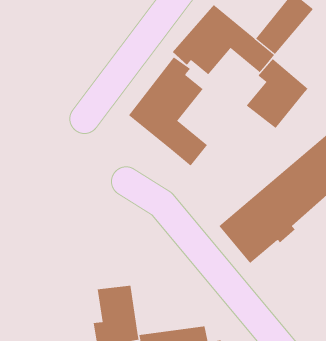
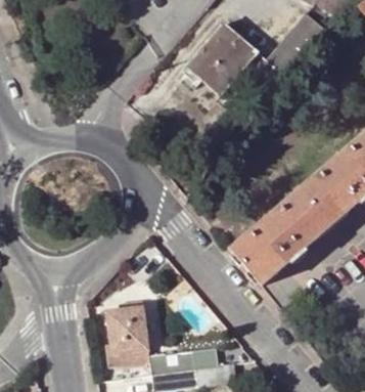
building: [128,57,208,167] -> none
building: [246,58,309,129] -> none

